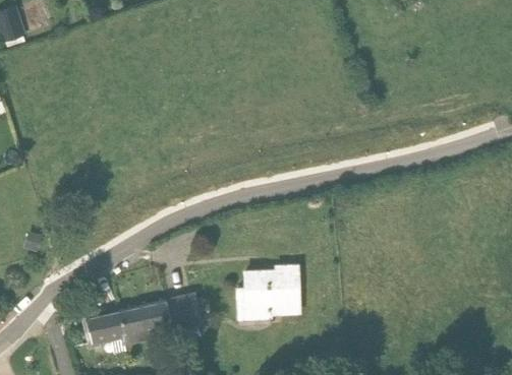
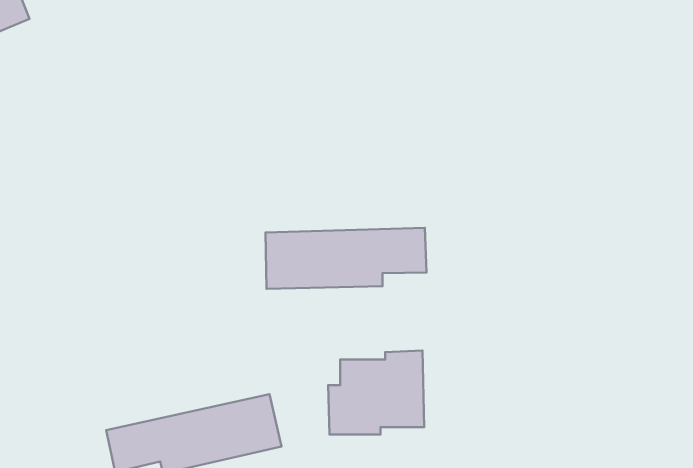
building: none -> [265,228,426,289]

